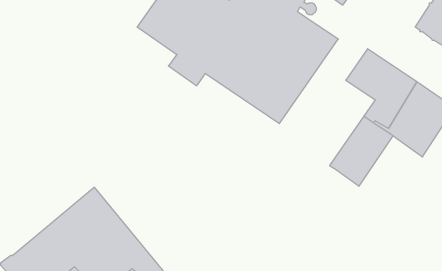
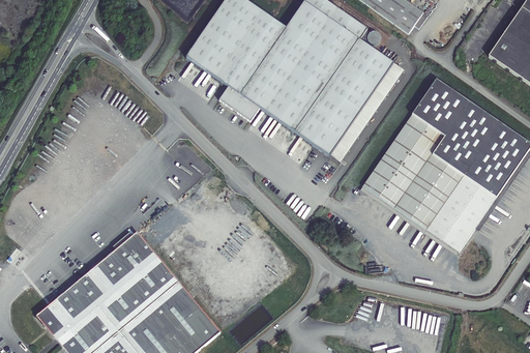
building: none -> [362,114,444,207]
building: none -> [426,175,496,252]

